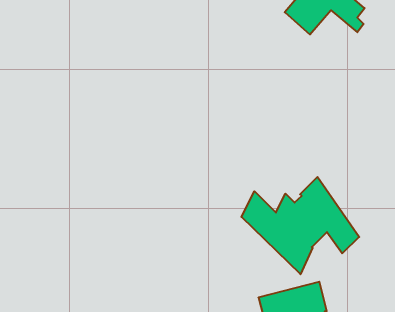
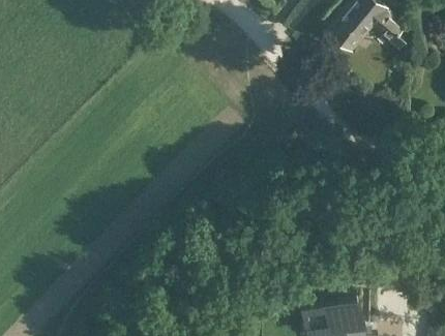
building: [241,177,359,274] -> none

